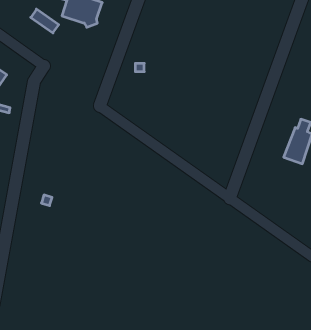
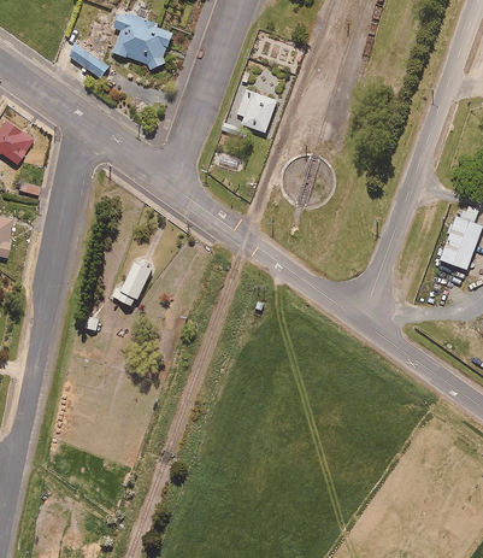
building: none -> [237,89,276,131]
building: none -> [113,258,154,306]

